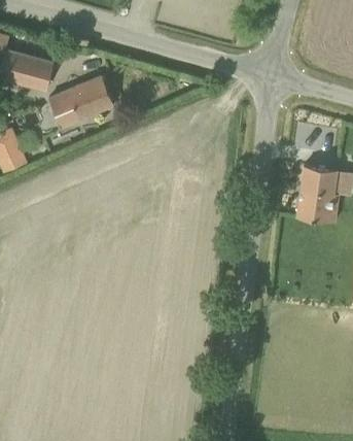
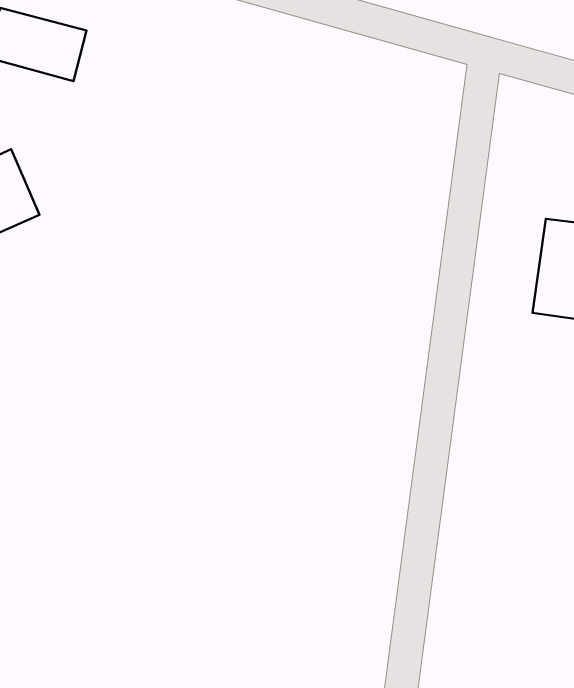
building: [47,75,114,128] -> none

